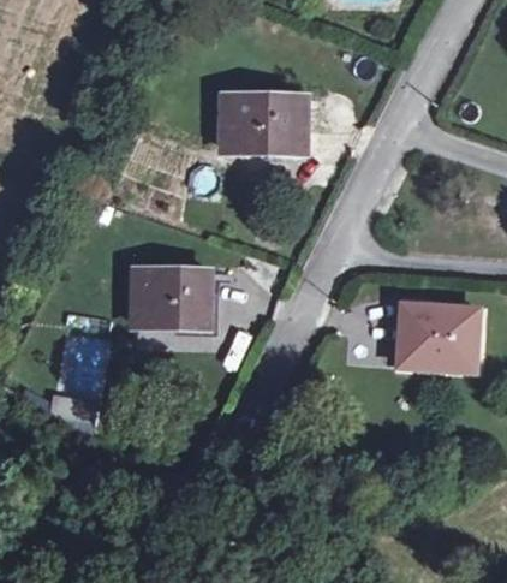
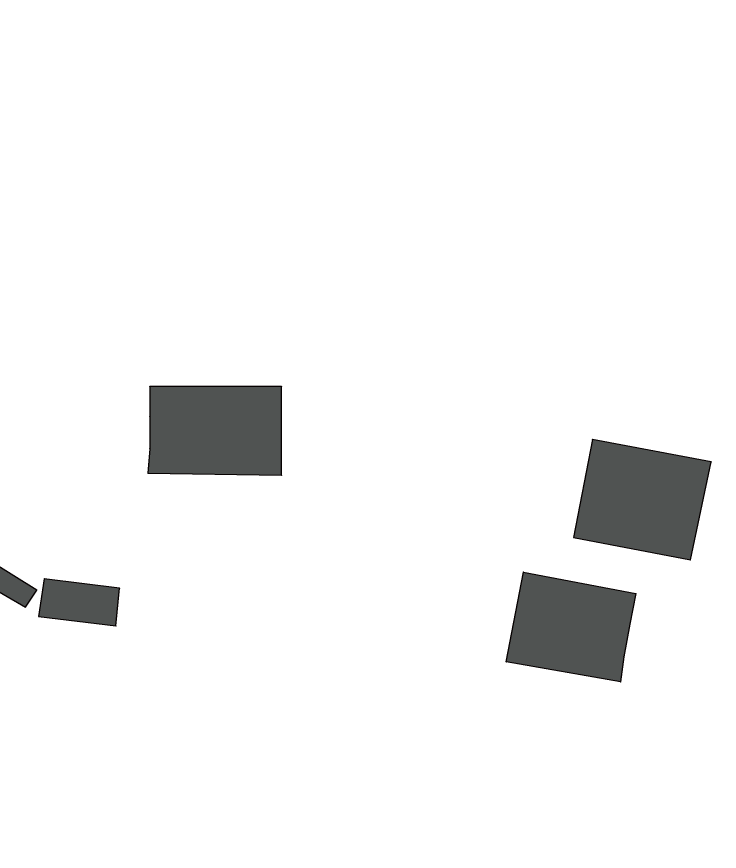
building: [223,96,298,149] -> none
building: none -> [506,572,636,682]

